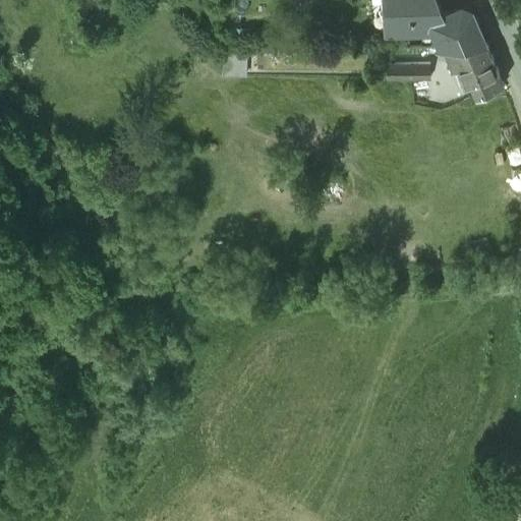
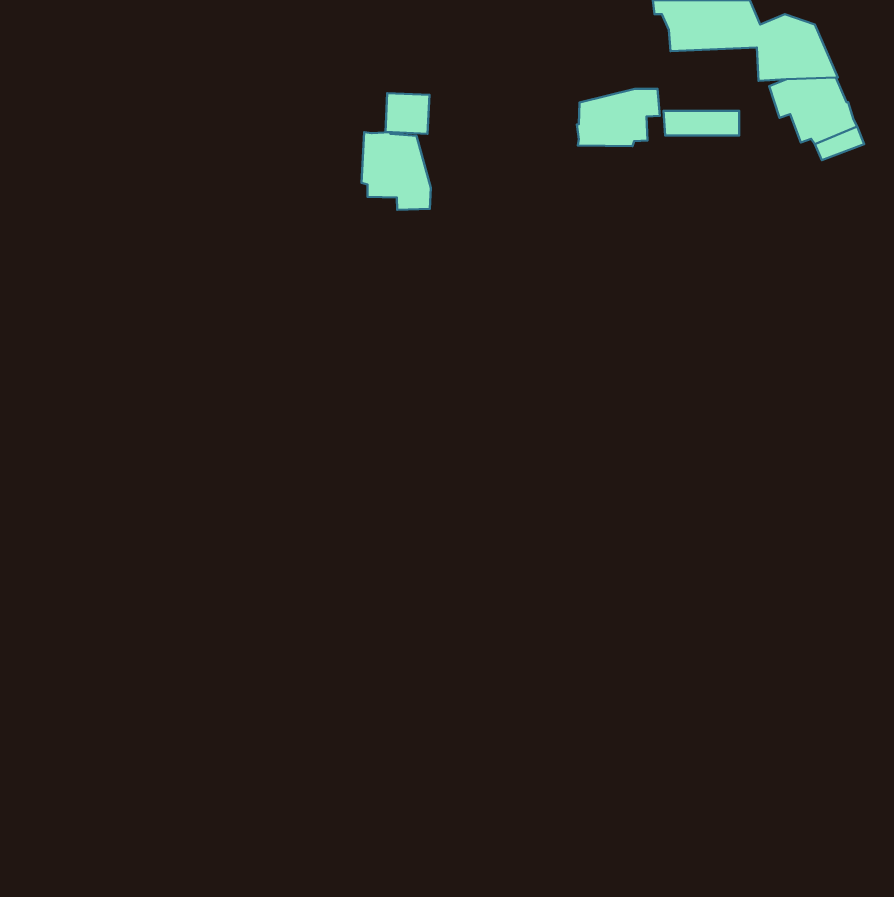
building: none -> [577,89,660,146]
building: none -> [361,132,431,210]

